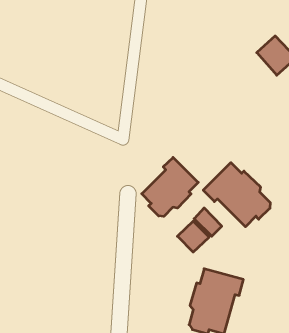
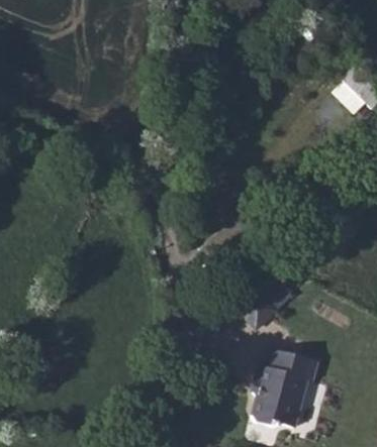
building: [142,157,198,216] -> none
building: [203,163,270,227] -> none

